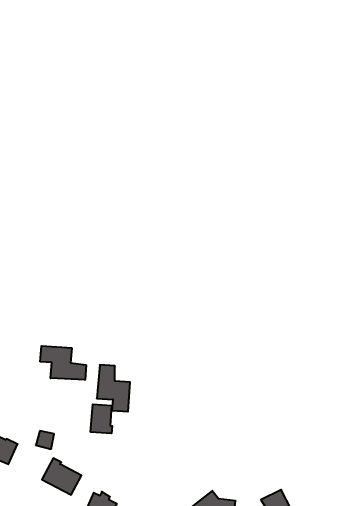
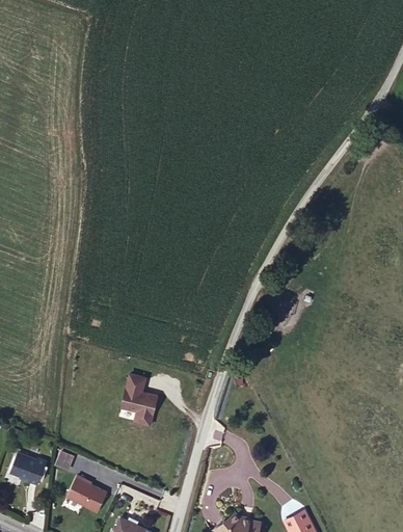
building: [40,346,86,380] -> none
building: [91,404,112,433] -> none

